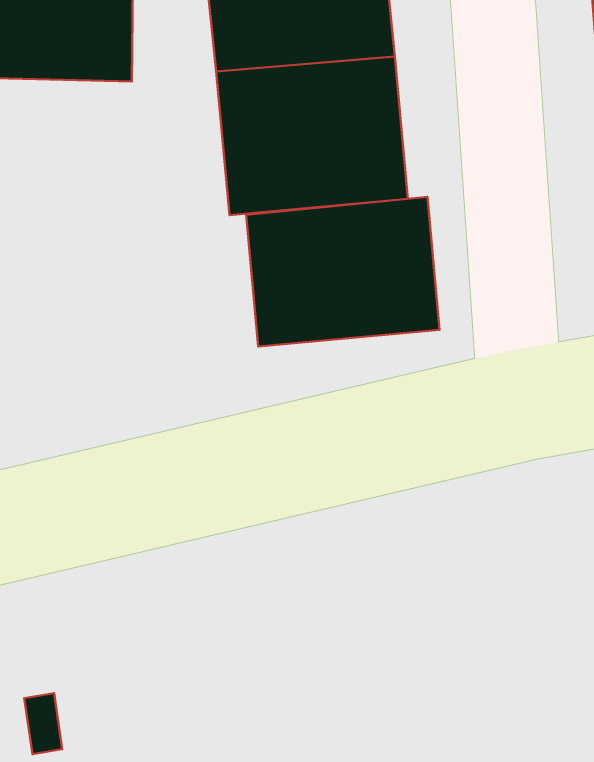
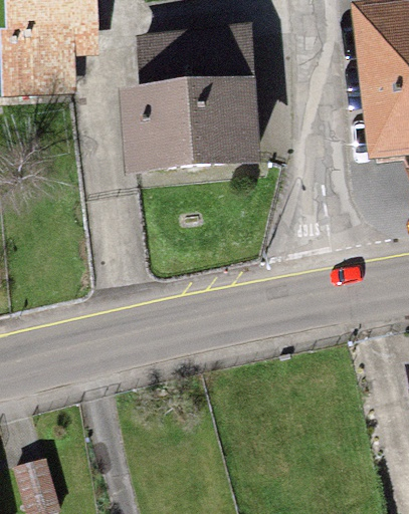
building: [246,197,440,346] -> none

